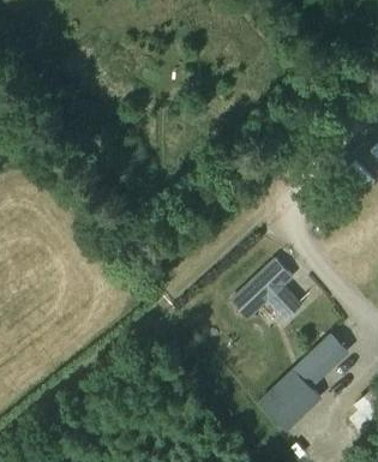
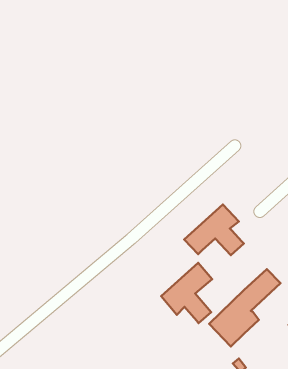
building: none -> [161,263,212,323]

